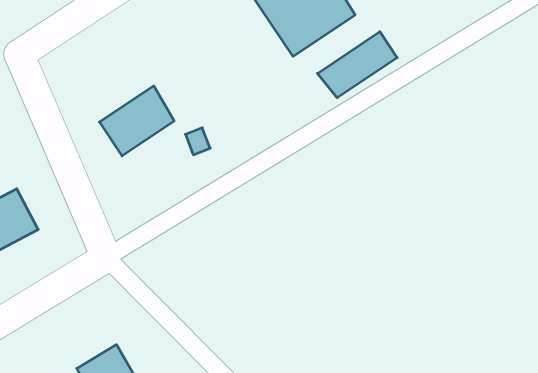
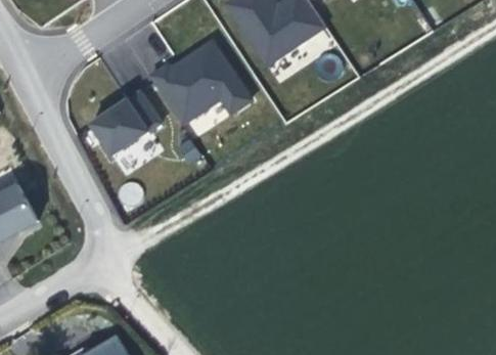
building: [317,32,397,98] -> none
building: none -> [149,43,250,125]

